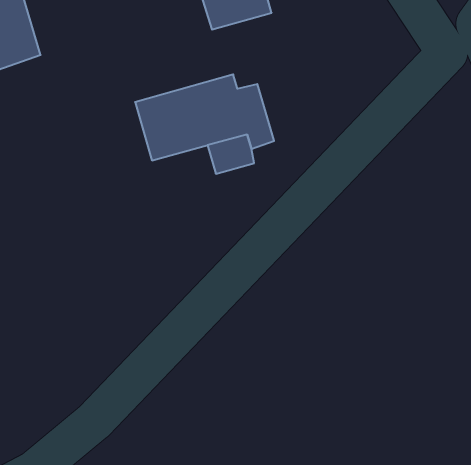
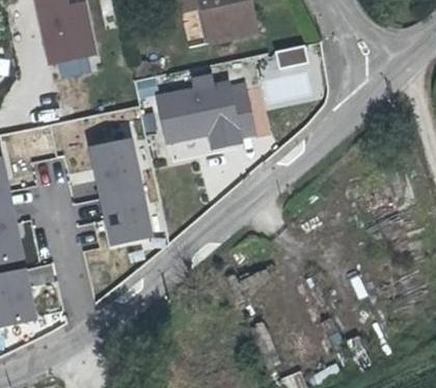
building: none -> [88,135,148,240]

